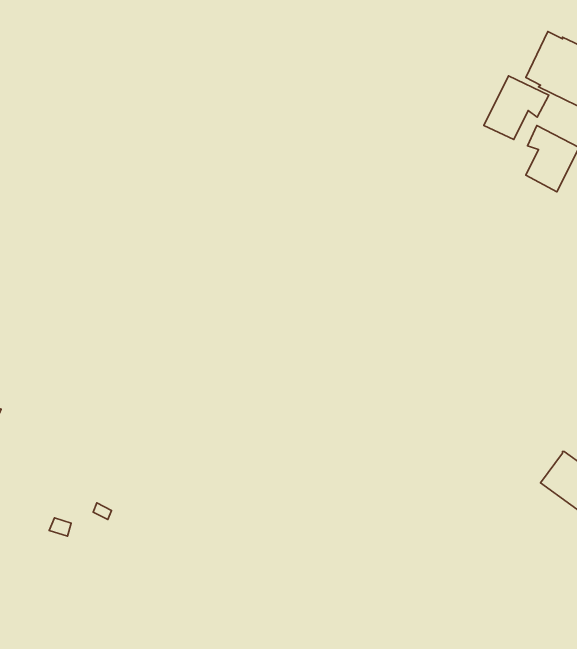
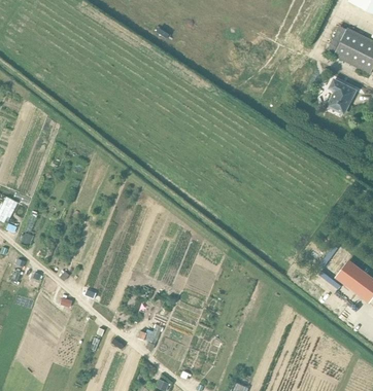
building: [484,76,549,140] -> none

